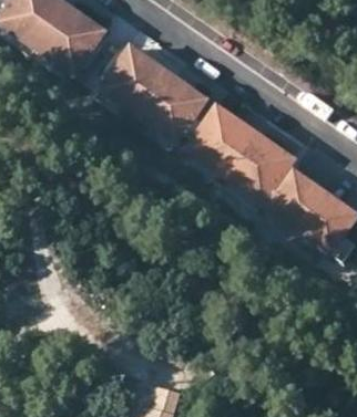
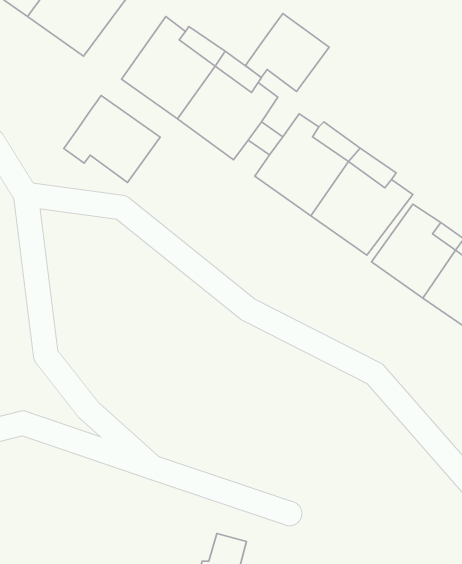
building: none -> [246,14,329,92]
building: none -> [64,95,160,183]

